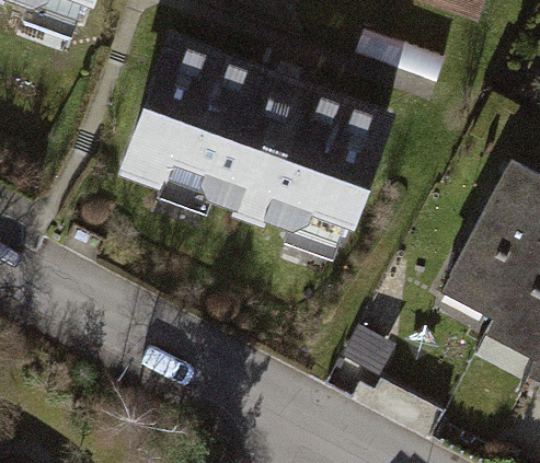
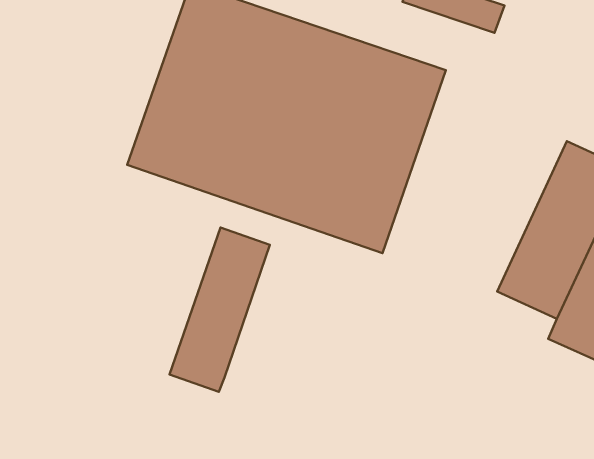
building: none -> [170,227,270,392]

